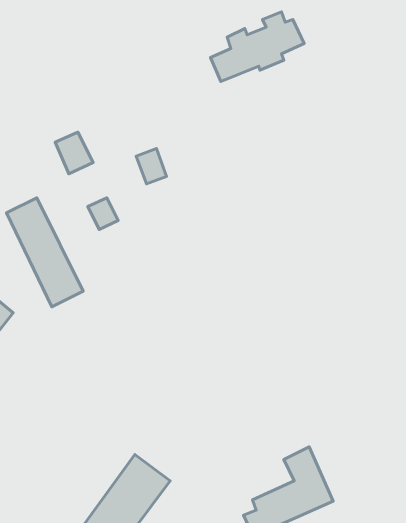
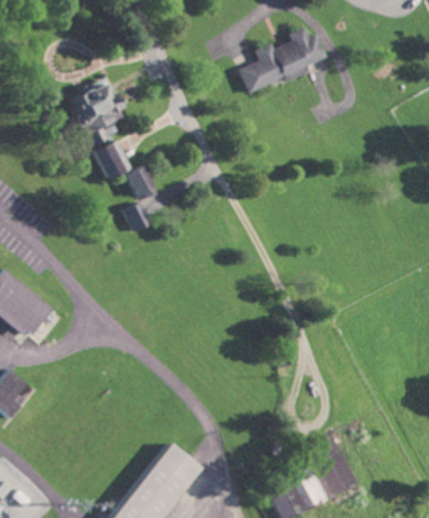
building: none -> [66,81,120,146]
building: [136,149,167,184] -> [126,164,154,197]
building: [6,198,83,307] -> none

